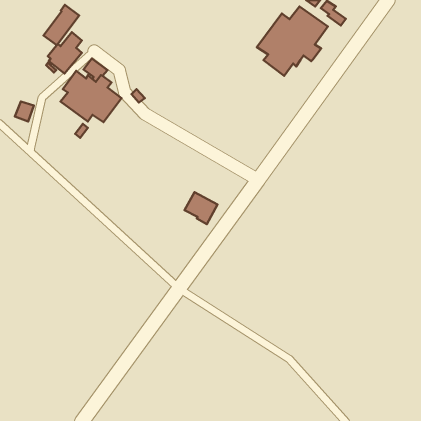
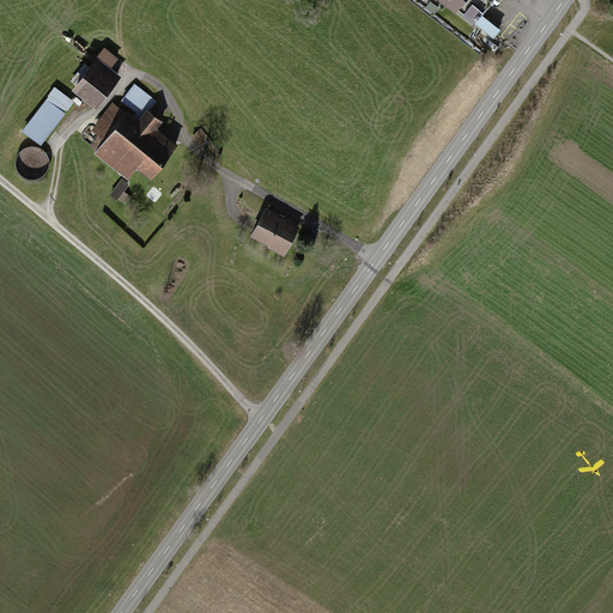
building: [43,5,79,45] -> [20,89,72,147]
building: [257,6,328,76] -> none
building: [184,192,218,224] -> [250,210,298,256]

